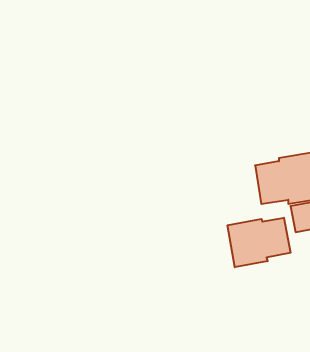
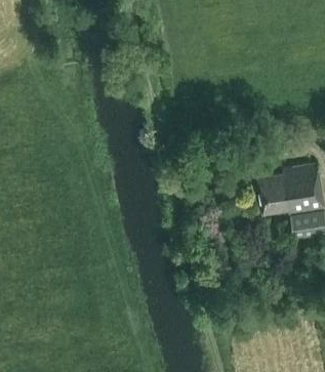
building: [228,218,291,267] -> none

